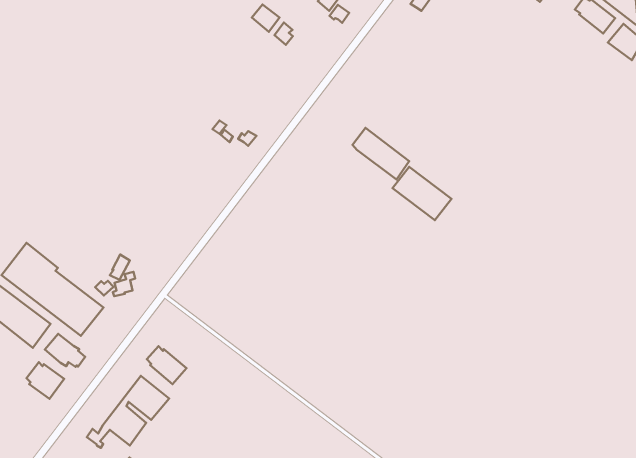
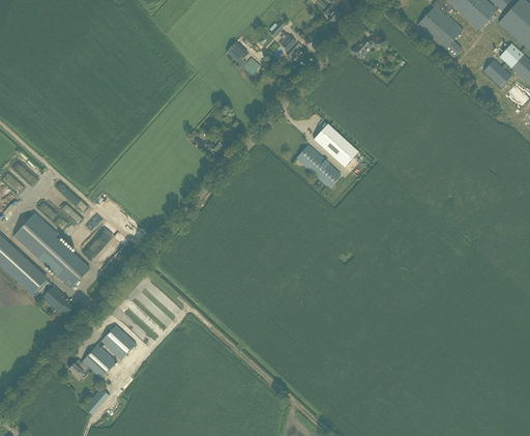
building: [393,167,452,220] -> [314,122,359,166]
building: [147,346,186,384] -> none
building: [27,362,64,399] -> none

